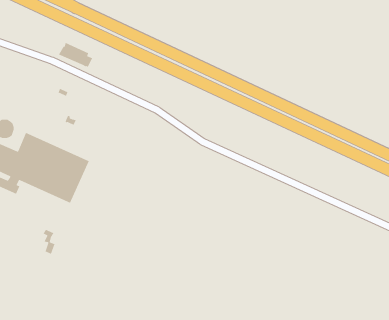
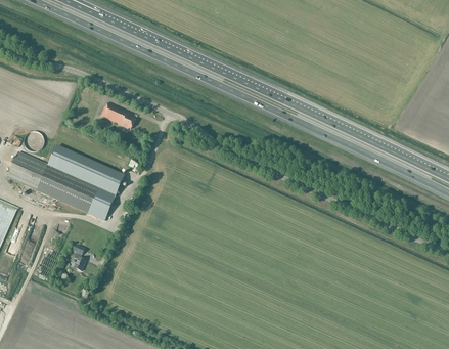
building: [58,42,93,68] -> [100,101,136,128]

